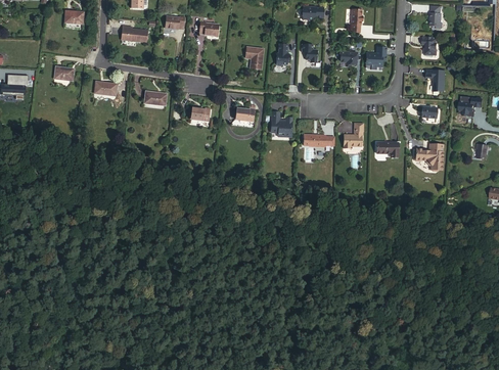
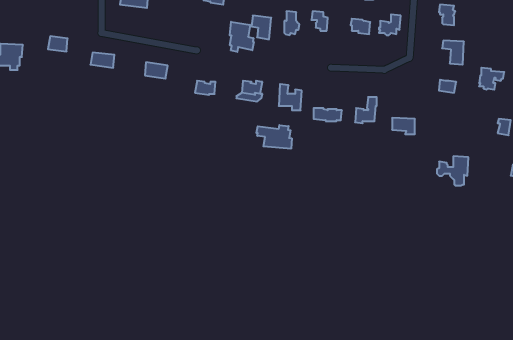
building: none -> [230,22,254,52]
building: [414,145,444,173] -> [437,156,468,186]
building: none -> [256,125,292,149]

